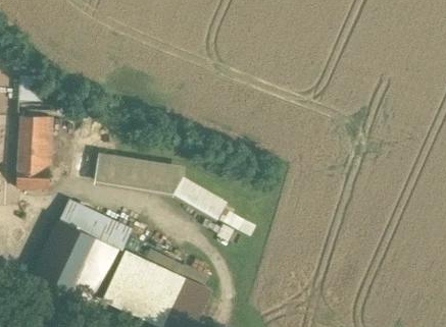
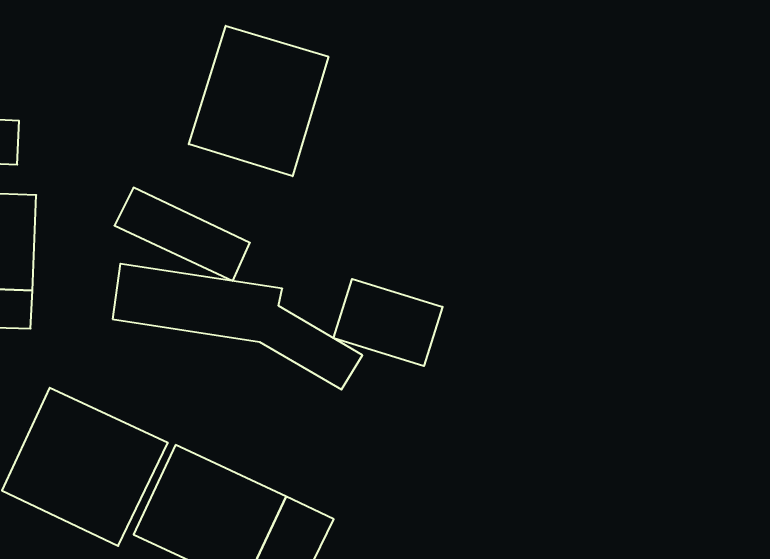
building: none -> [189,26,328,176]
building: none -> [334,279,443,366]
building: [58,199,131,249] -> [114,188,250,281]

